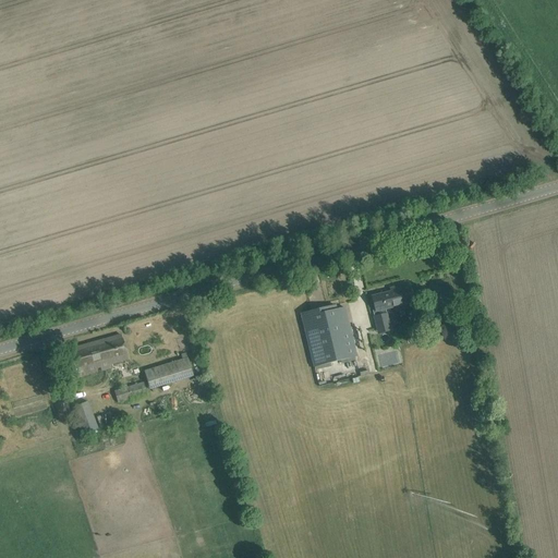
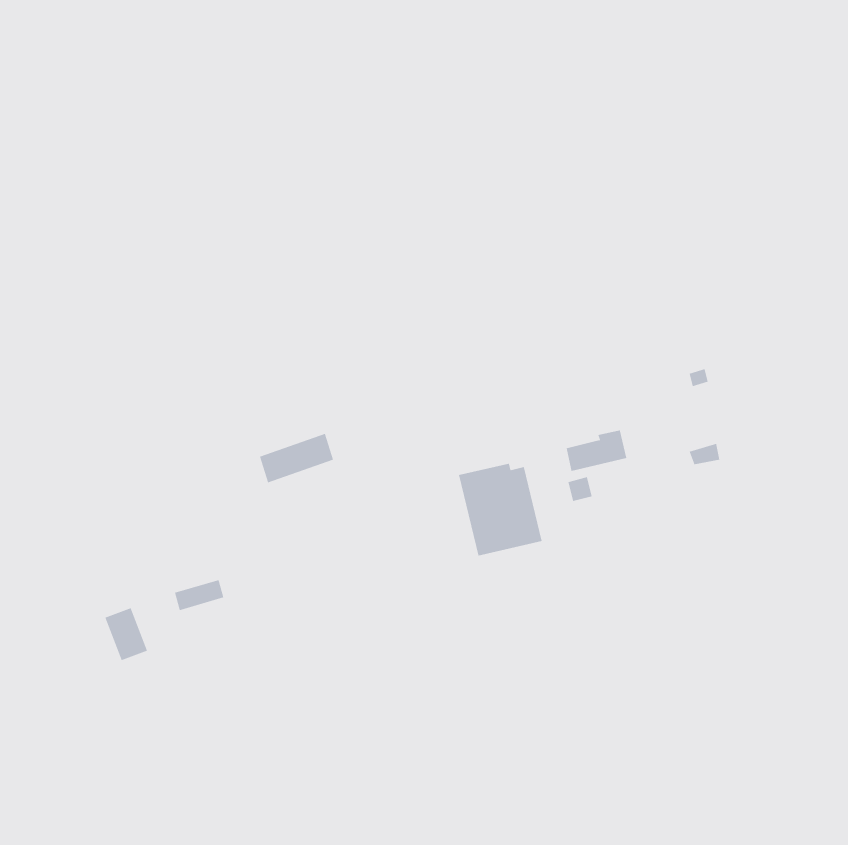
building: [69,332,128,375] -> none
building: [144,356,193,389] -> [259,433,334,483]

